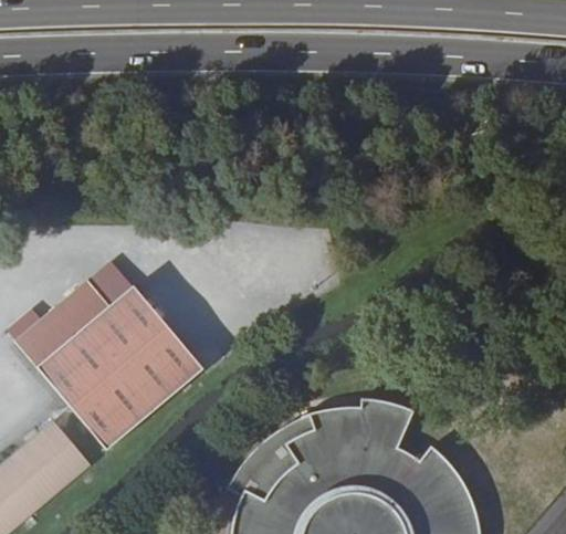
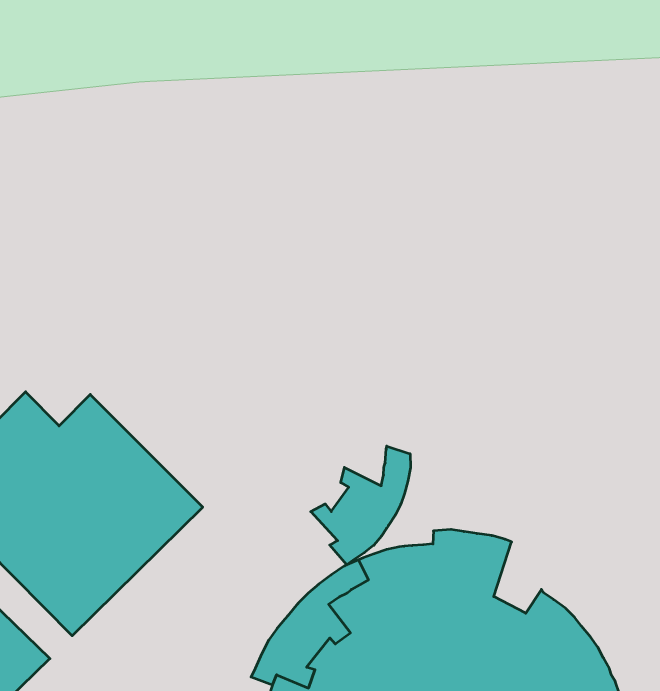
building: [87,262,132,306] -> none
building: none -> [311,446,411,565]

